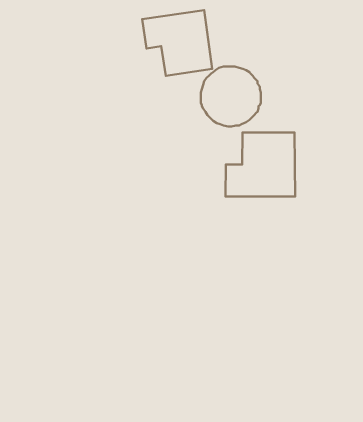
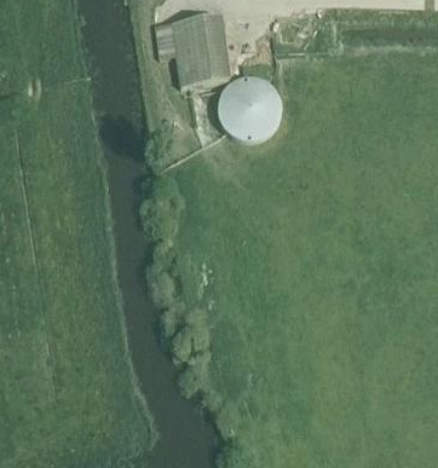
building: [226,133,295,196] -> none

